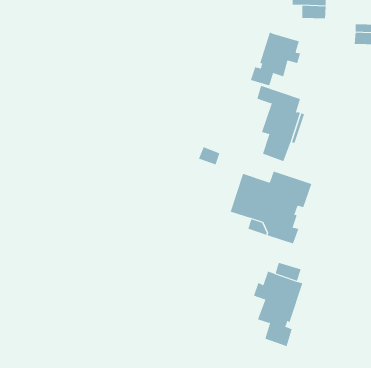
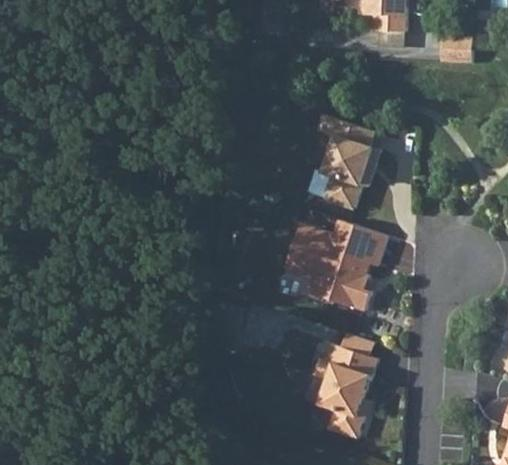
building: [250,32,301,86] -> none

